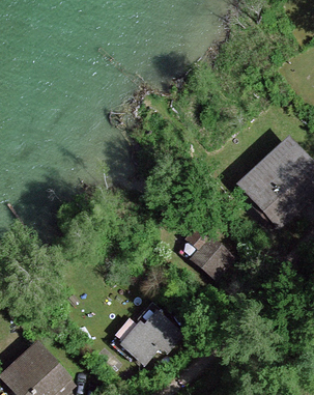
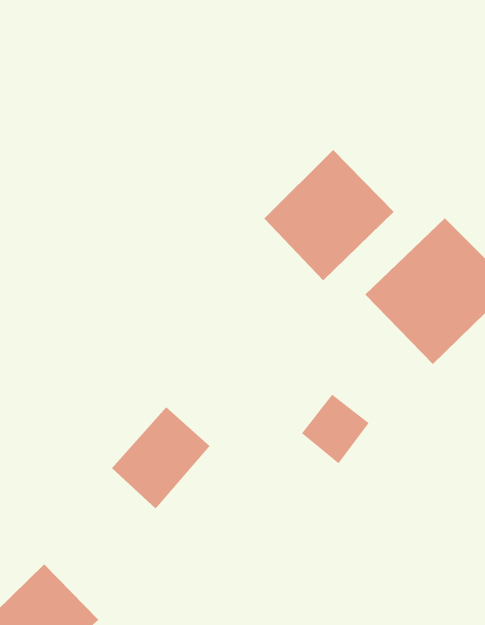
building: none -> [264,149,394,281]
building: [114,308,174,370] -> [111,407,211,509]

